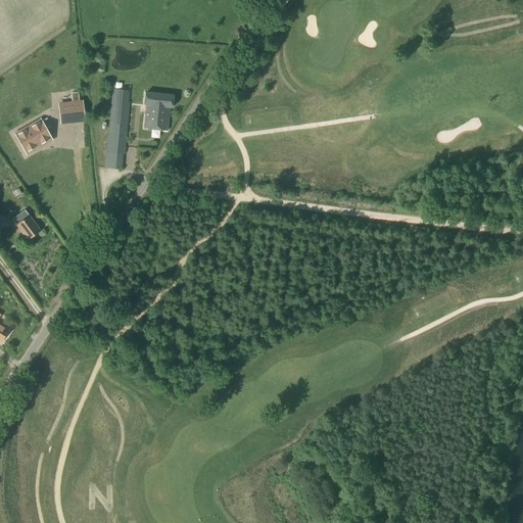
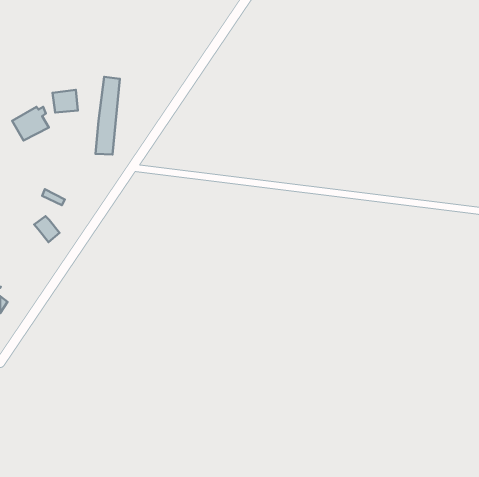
building: [143,91,173,129] -> none
building: [12,210,40,239] -> [34,216,60,242]

